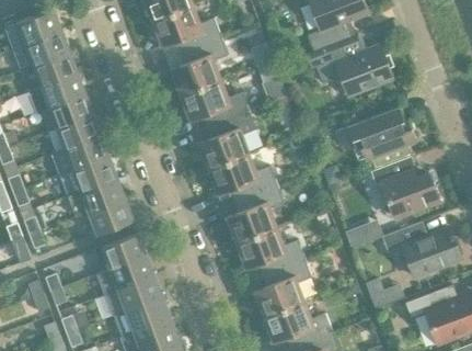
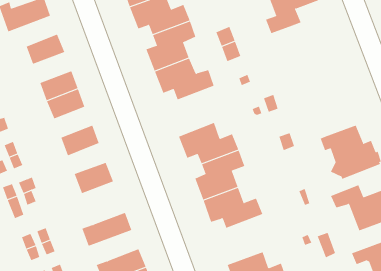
building: [12,31,69,70] -> none
building: [306,42,393,95] -> none
building: [28,72,85,112] -> none
building: [347,107,415,169] -> none
building: [197,111,256,169] -> none
building: [51,135,110,174] -> none
building: [68,177,125,216] -> none
building: [101,233,147,270] -> none
building: [253,258,311,316] -> none
building: [104,276,162,316] -> none

